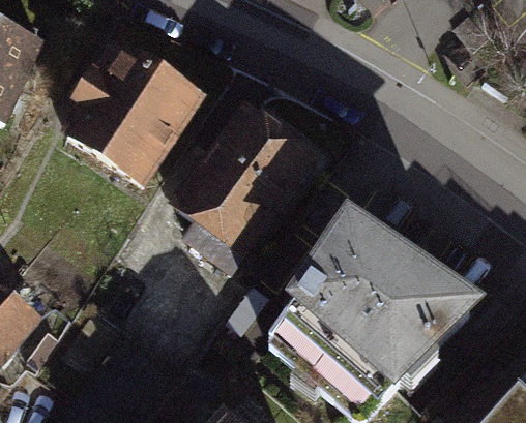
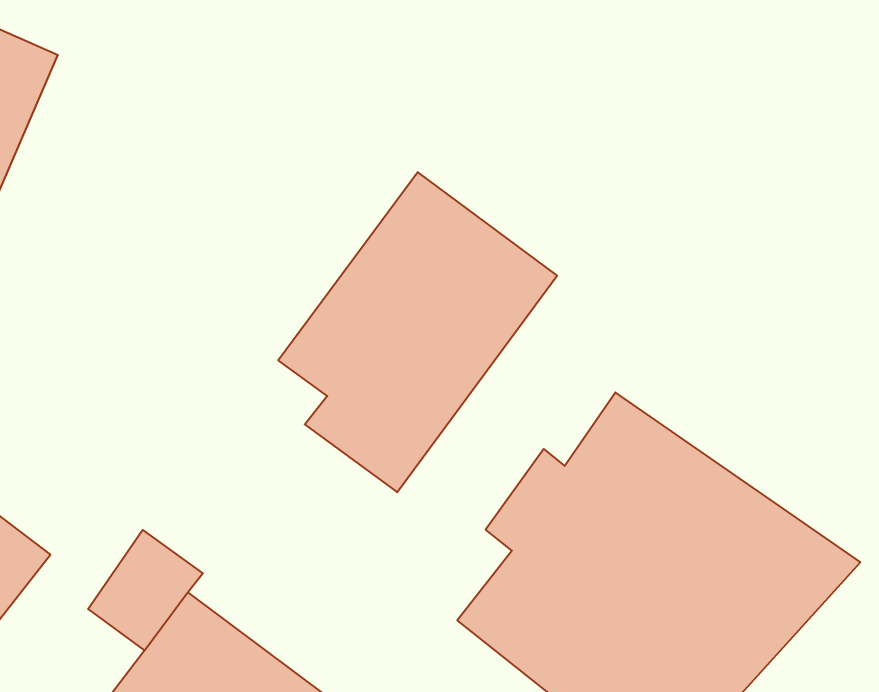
building: [61,36,207,183] -> none

